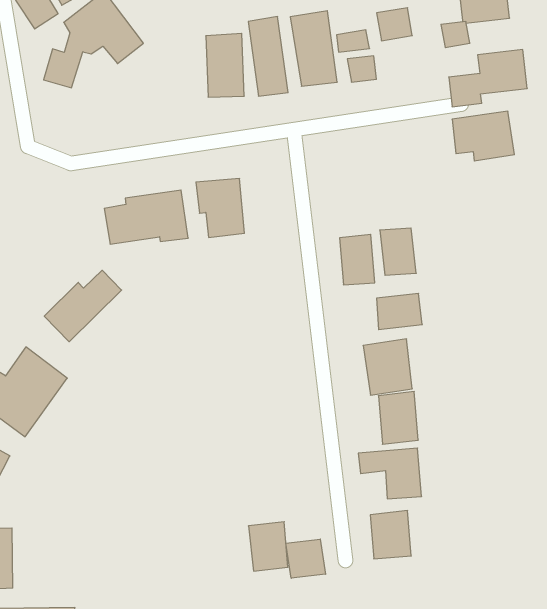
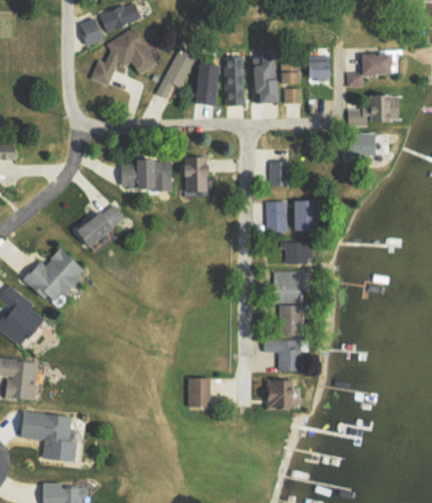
building: none -> [158,50,196,98]
building: none -> [270,162,290,185]
building: [286,539,326,578] -> none

